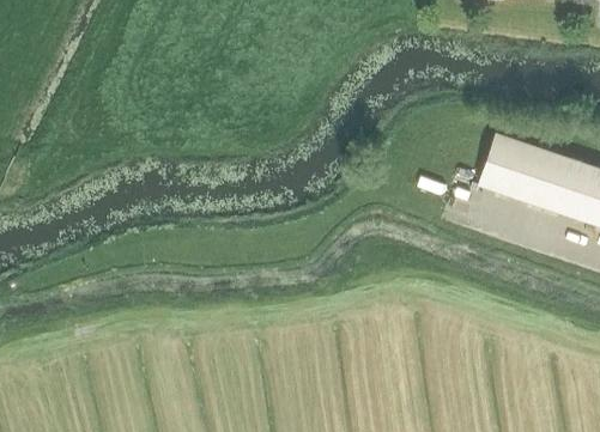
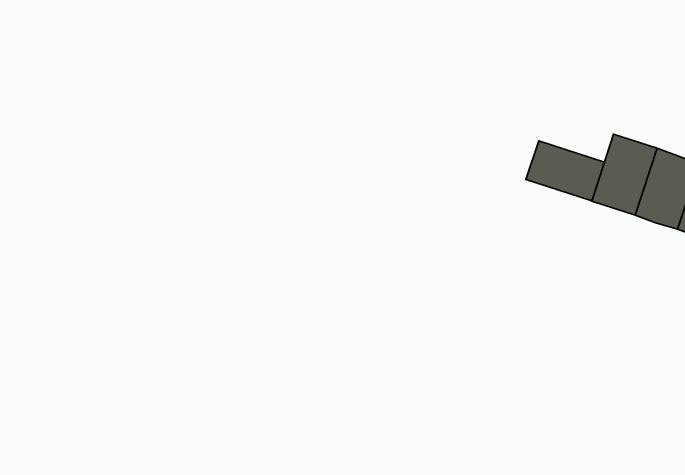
building: none -> [526,141,604,201]

